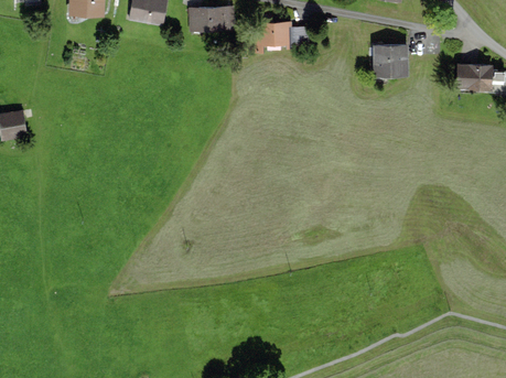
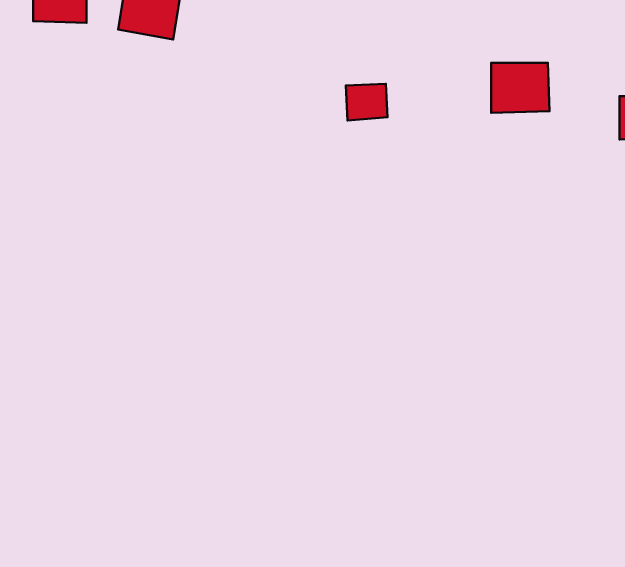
building: [189,7,235,31] -> none
building: [261,22,289,46] -> [346,84,388,121]

